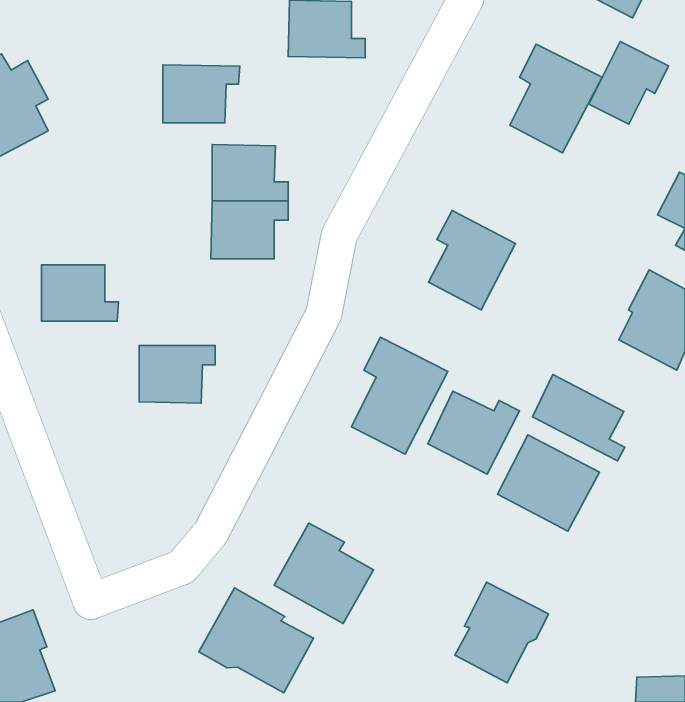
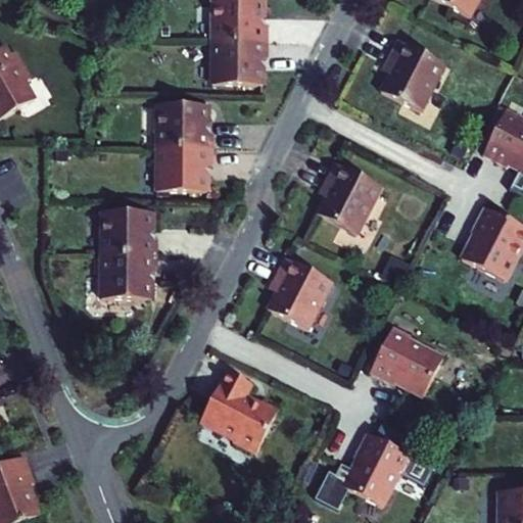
building: [589,42,669,124] -> none
building: [163,65,240,123] -> [213,42,271,85]
building: [41,265,119,321] -> [103,215,160,256]
building: [533,375,625,461] -> none
building: [428,391,520,474] -> none
building: [199,588,314,693] -> none

